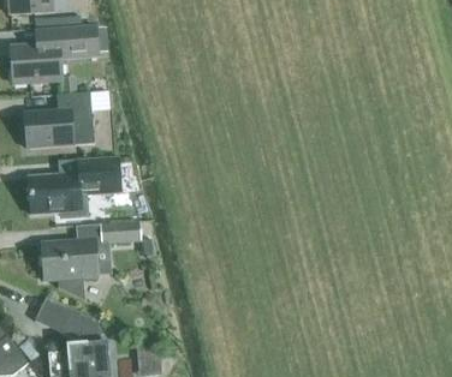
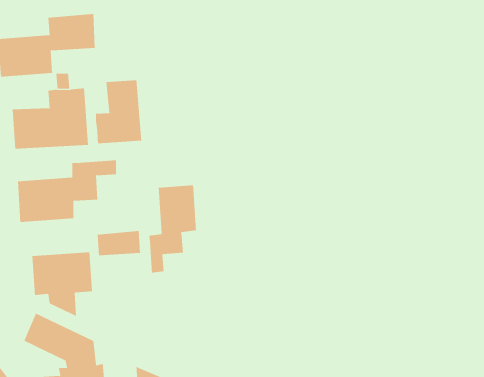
building: none -> [95,80,142,144]
building: none -> [149,185,197,273]

